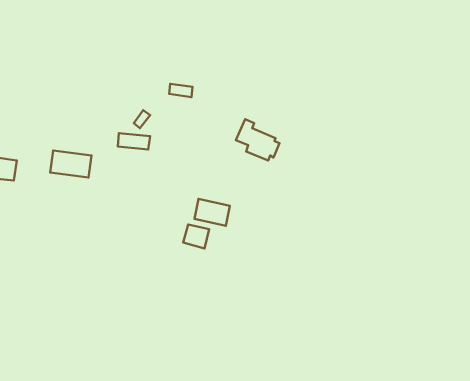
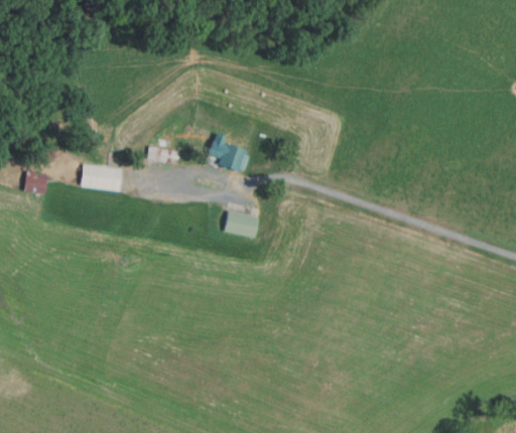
building: [236,119,279,160] -> [208,132,251,173]
building: [183,224,209,248] -> none

